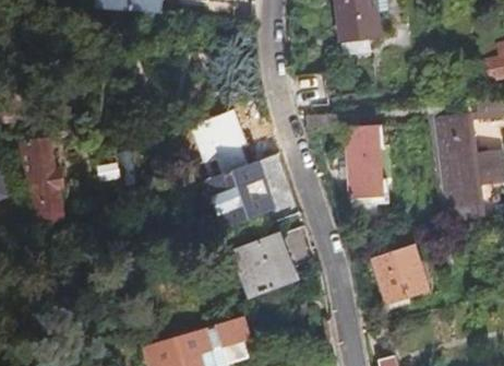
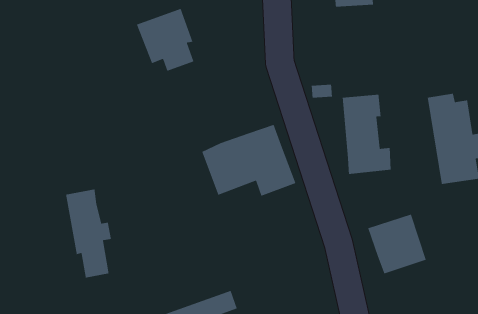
building: [194,109,252,173] -> [136,8,195,72]
building: [17,137,63,225] -> [65,189,112,278]
building: [232,224,314,295] -> none

